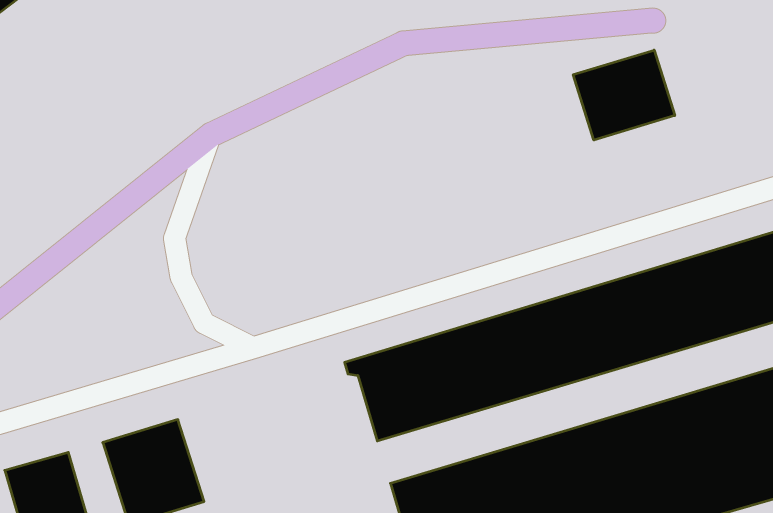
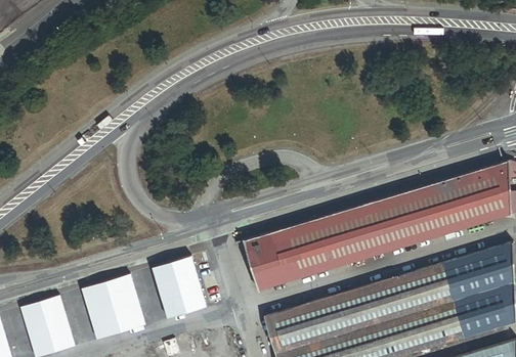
building: [573,50,675,140] -> none
building: none -> [153,259,208,323]

